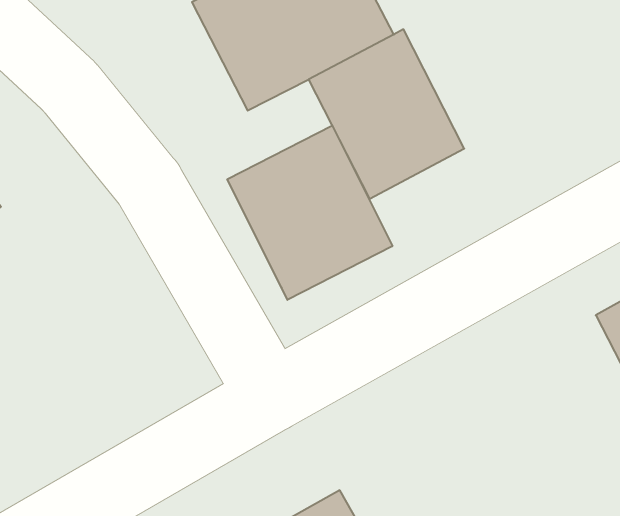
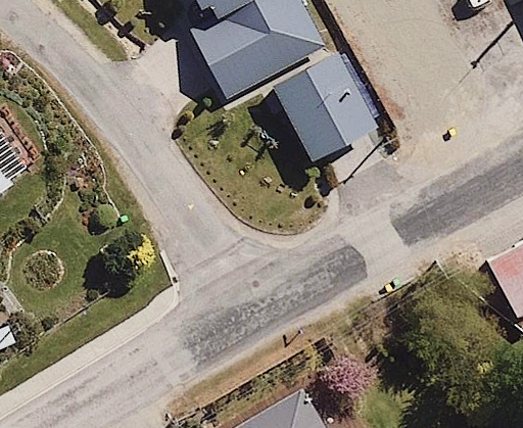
building: [227,126,392,300] -> none

